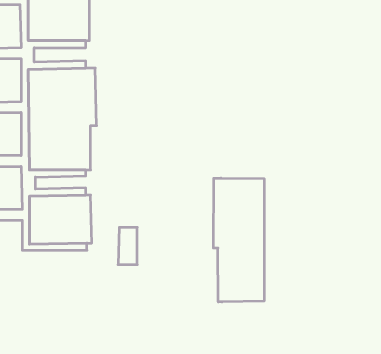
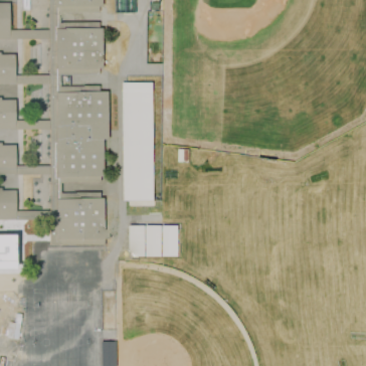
building: none -> [124,83,155,201]
building: [213,178,264,302] -> none
building: none -> [146,226,178,257]

